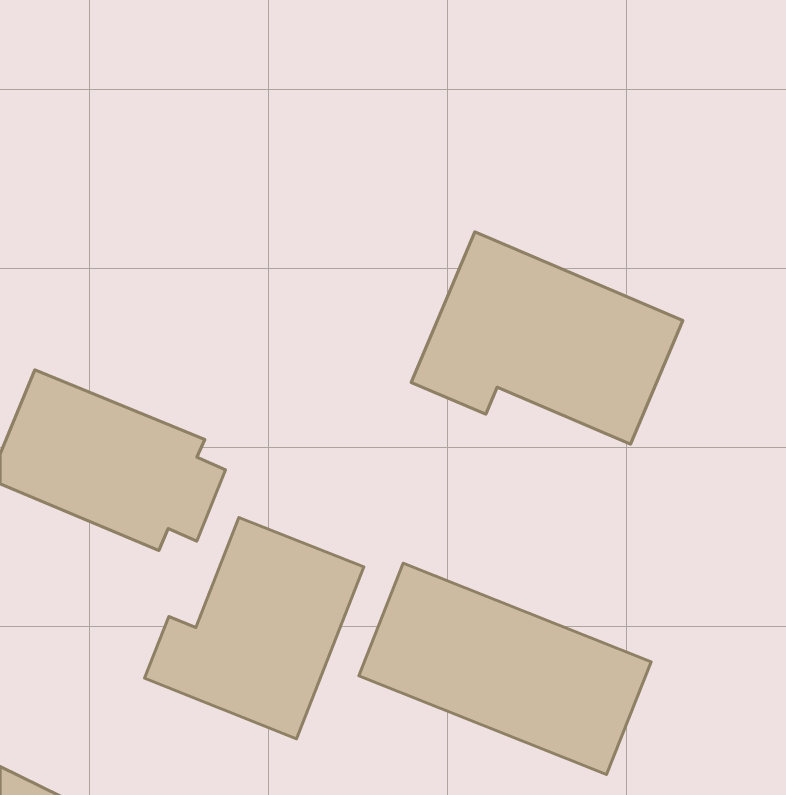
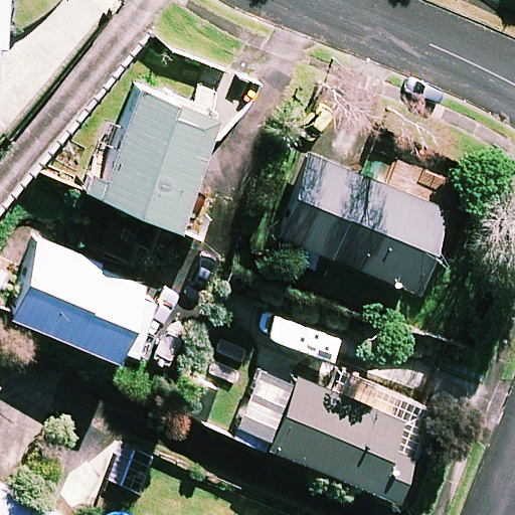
building: none -> [99,88,220,226]
building: [144,517,364,739] -> none

